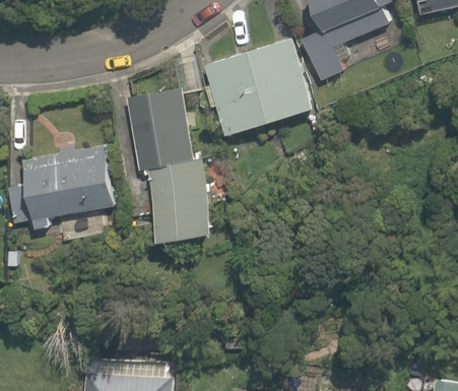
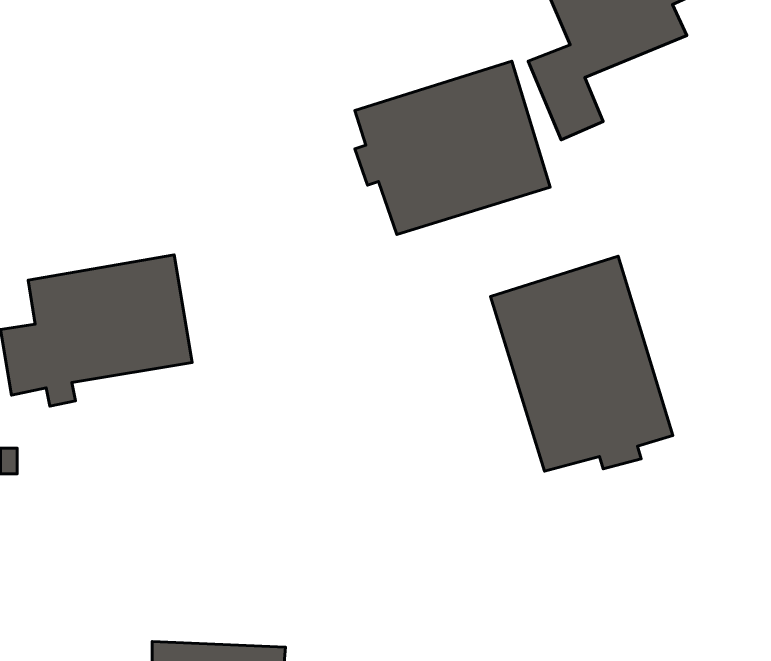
building: [125,56,213,242] -> none
building: none -> [490,256,673,471]

